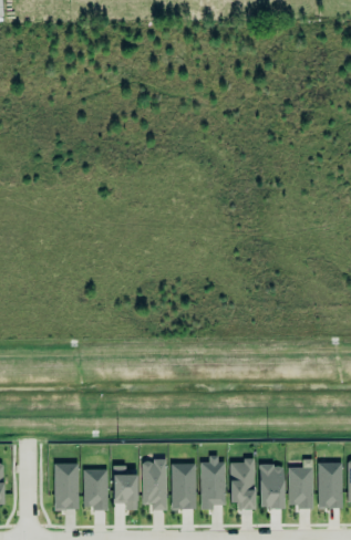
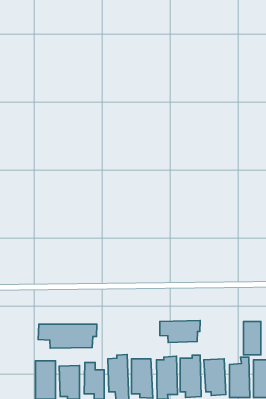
building: none -> [160,321,200,343]
building: none -> [243,322,261,355]
building: none -> [38,324,97,348]

